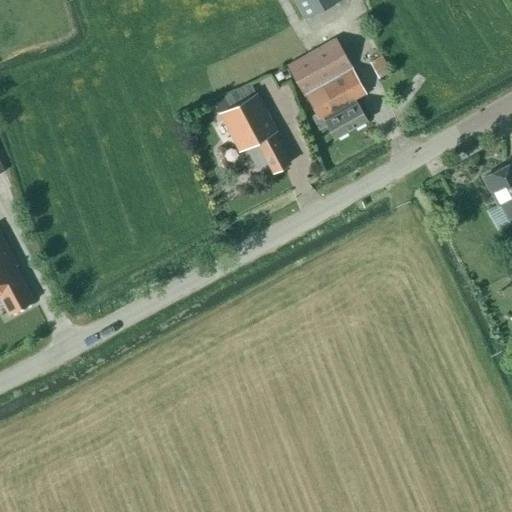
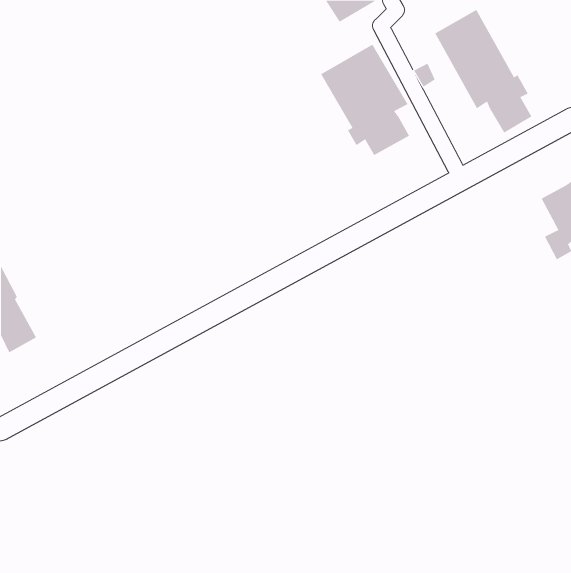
building: none -> [434,9,532,133]
building: [212,81,291,172] -> none

